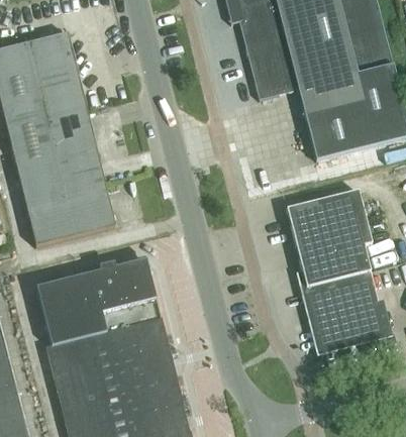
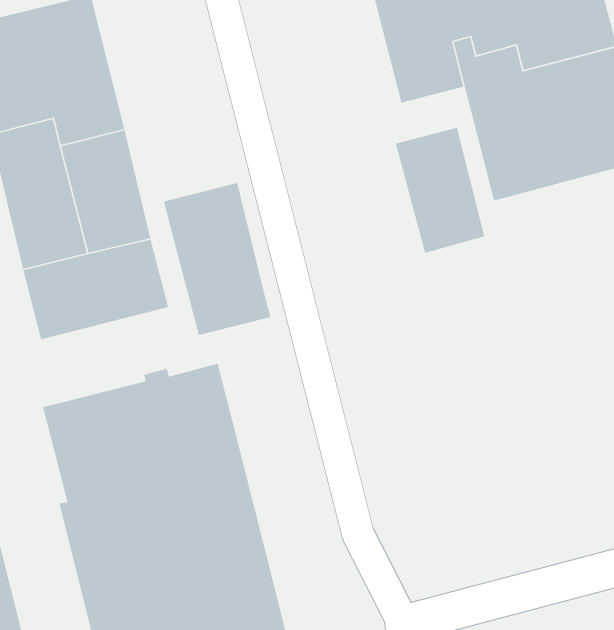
building: none -> [395,127,485,254]
building: none -> [163,182,272,336]
building: [286,190,385,346] -> none

